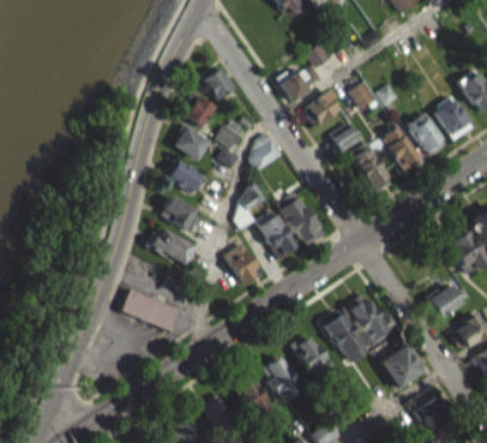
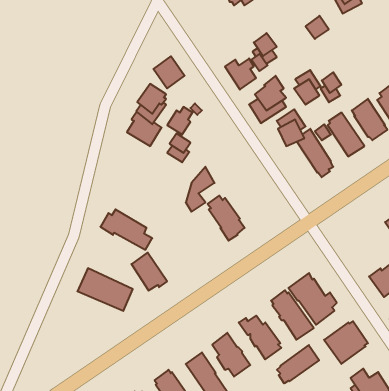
building: [251,133,282,172] -> none
building: [166,158,205,193] -> none
building: [279,192,320,243] -> none
building: [162,194,200,233] -> none
building: [227,244,264,283] -> [131,253,167,291]
building: none -> [277,345,319,383]

